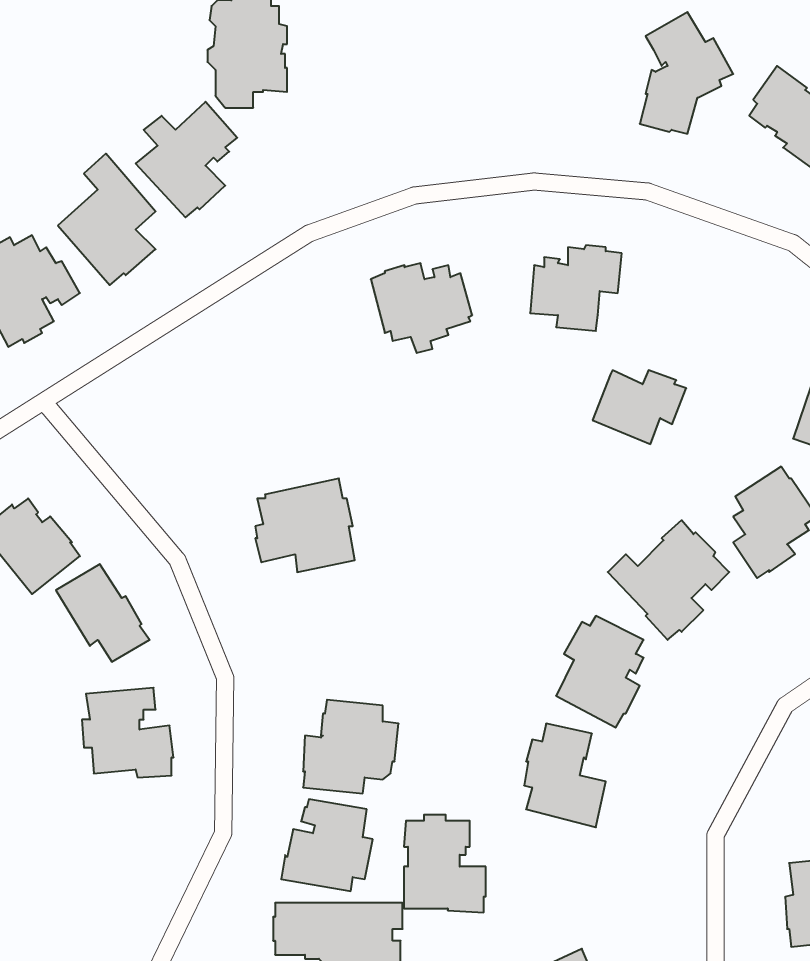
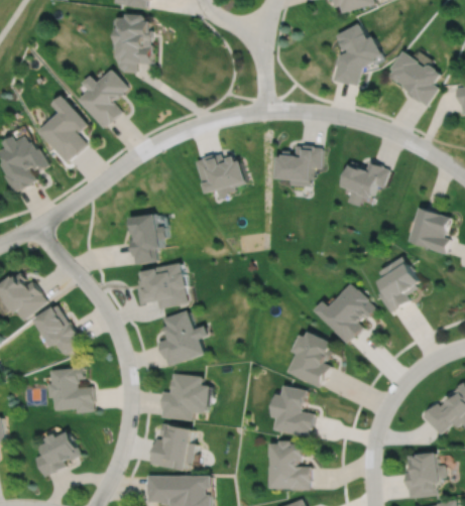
building: [593,370,686,444] -> [341,159,388,197]
building: none -> [128,212,164,263]
building: none -> [157,309,207,366]
building: [404,815,486,912] -> [268,440,310,490]
building: none -> [34,431,82,477]

